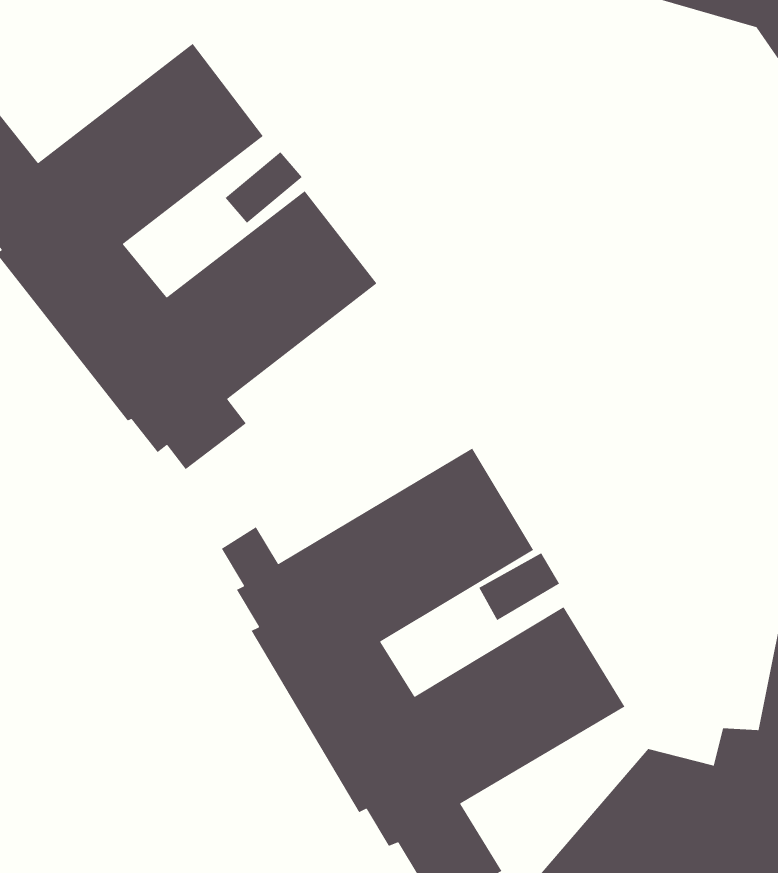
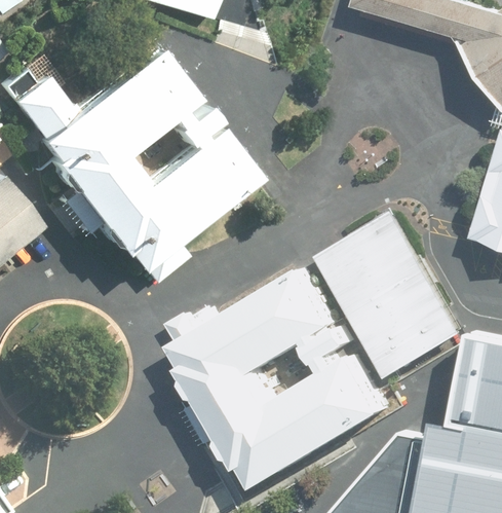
building: none -> [315,210,463,375]

